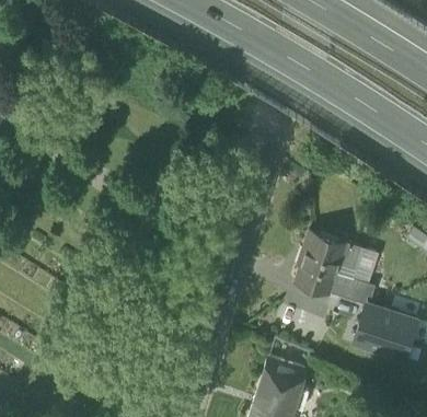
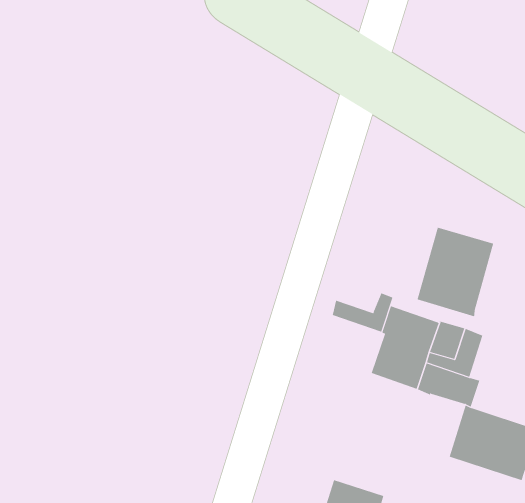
building: none -> [417,227,494,317]
building: none -> [332,293,393,333]

